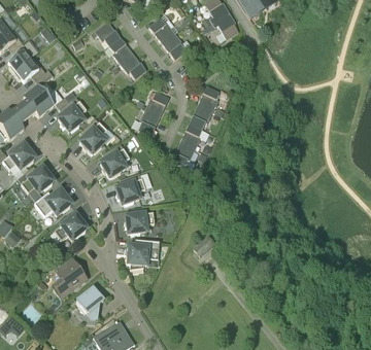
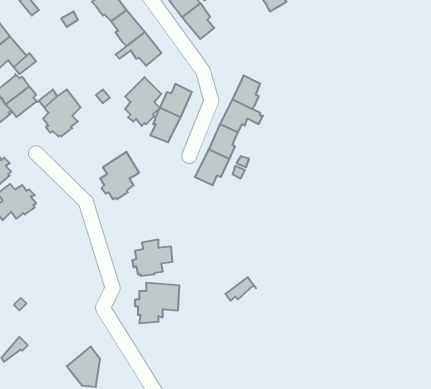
building: [79,117,106,153] -> [125,77,161,126]
building: [115,172,145,205] -> none
building: [34,189,71,216] -> none
building: [54,214,86,240] -> none
building: [48,258,85,313] -> none

